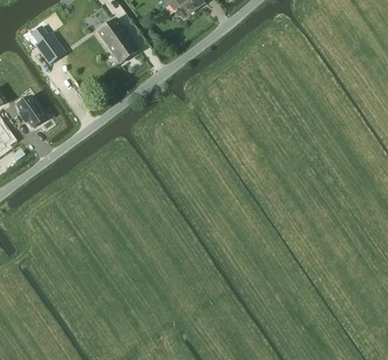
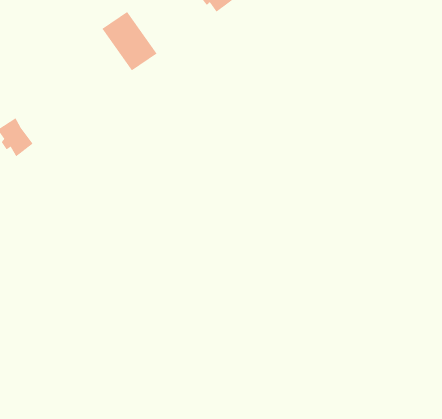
building: [32,25,65,62] -> none

